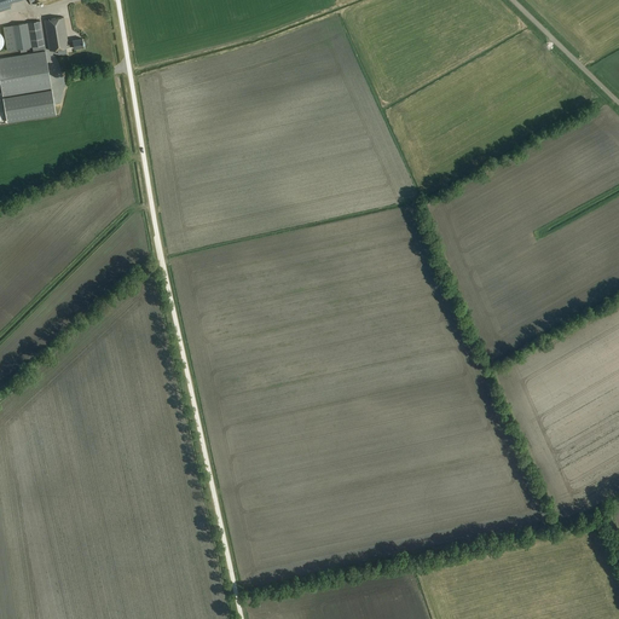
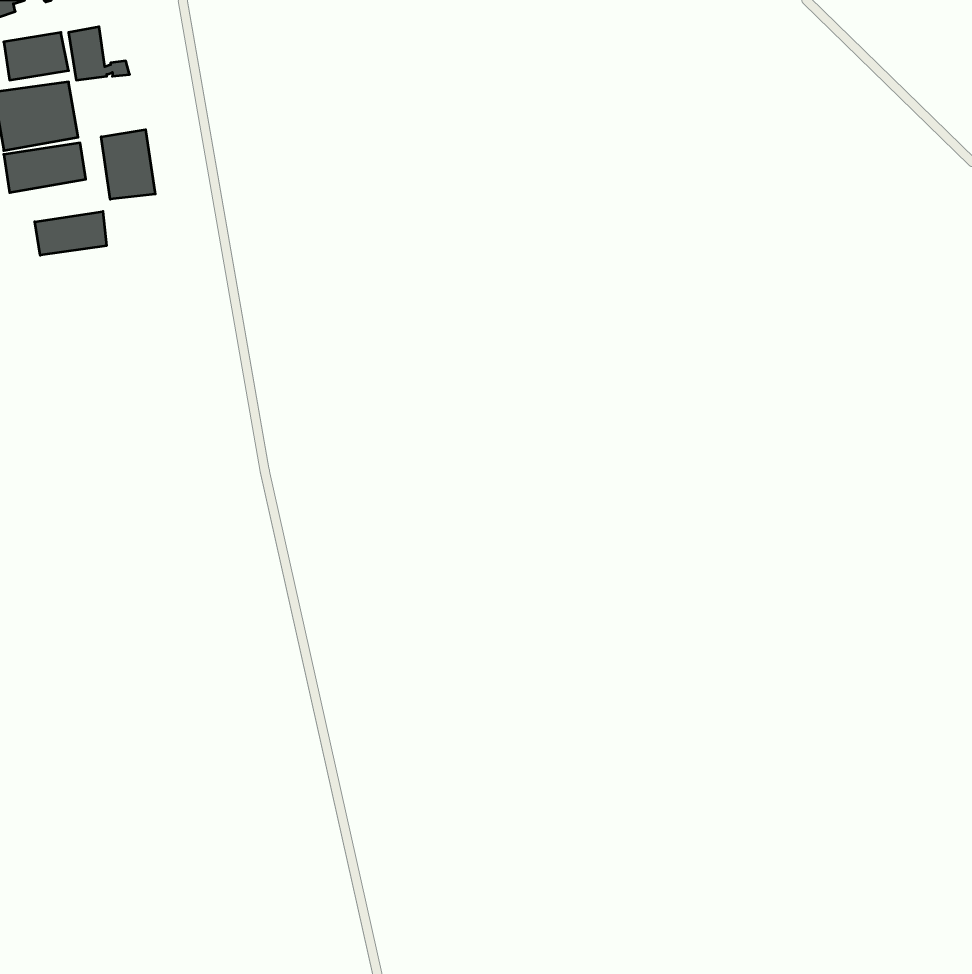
building: none -> [101,130,155,199]
building: none -> [35,211,106,255]

